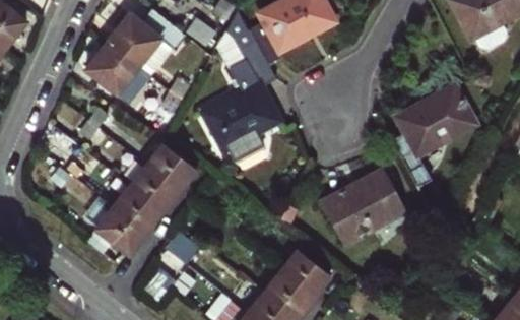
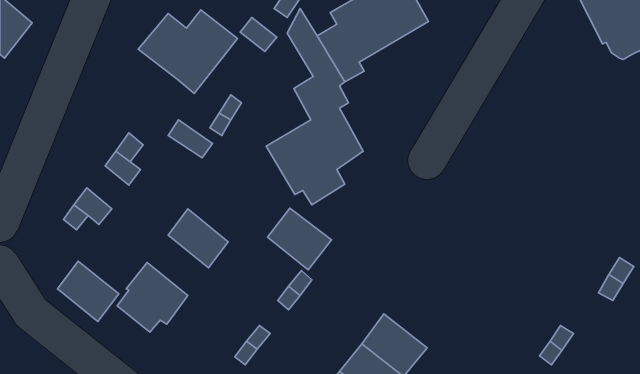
building: [86,43,138,94] -> none
building: [388,84,471,184] -> none
building: [146,144,196,192] -> [268,208,332,270]
building: [317,167,400,241] -> none
building: [115,187,162,234] -> [57,261,119,321]

